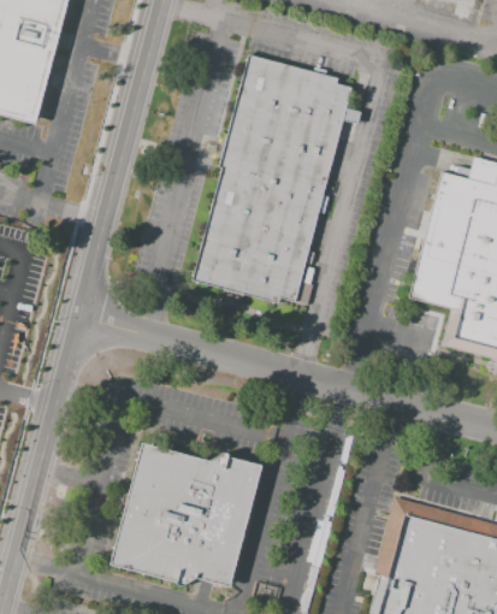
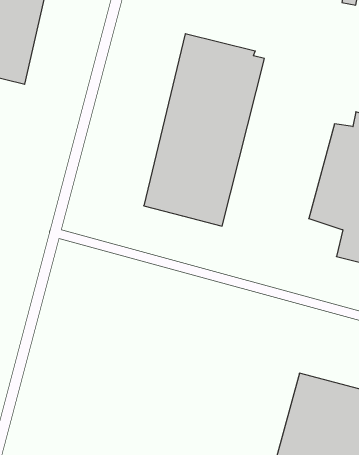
building: [107,445,264,591] -> none

